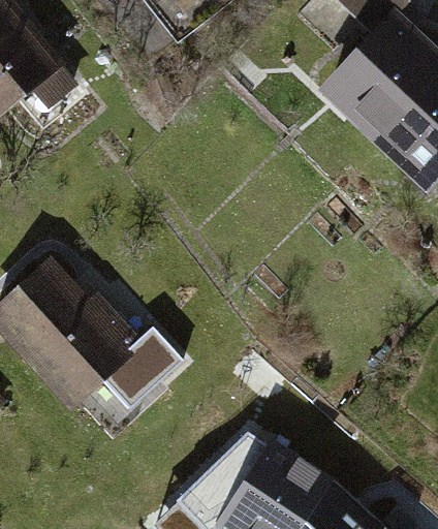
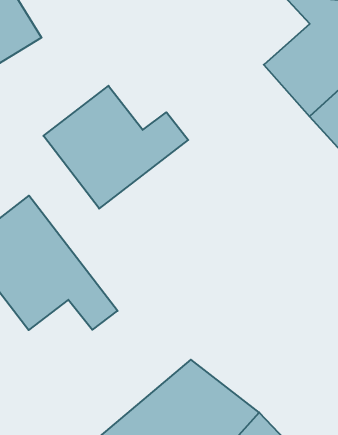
building: none -> [43,86,188,209]

